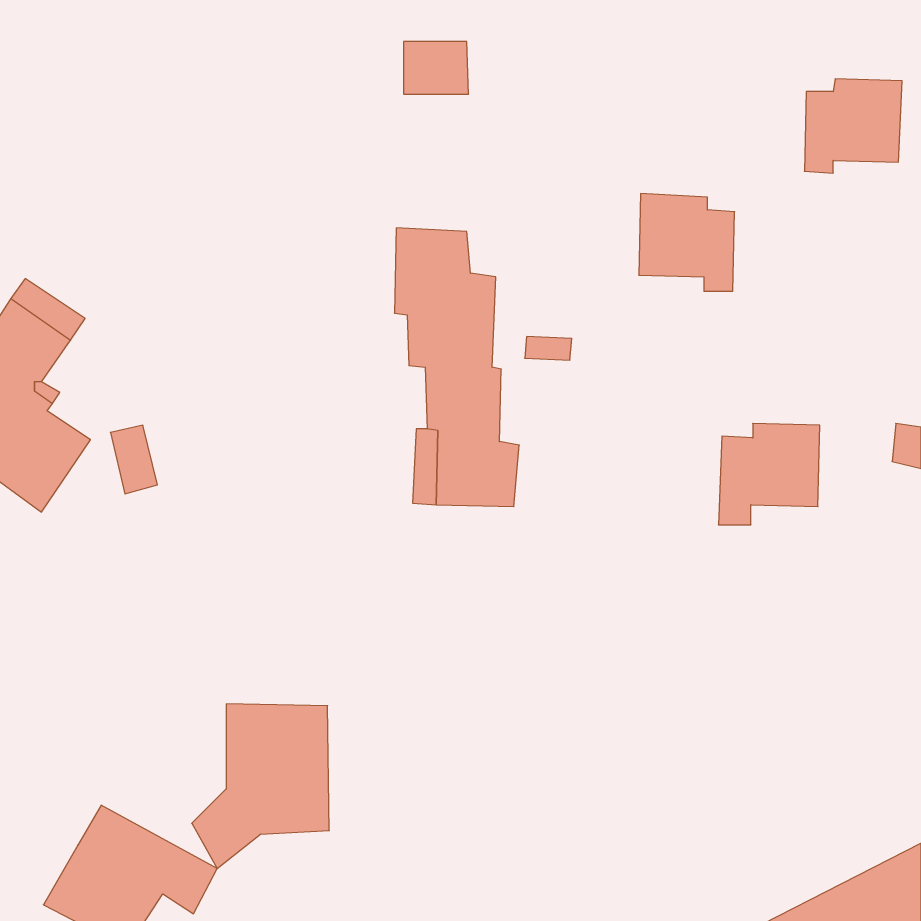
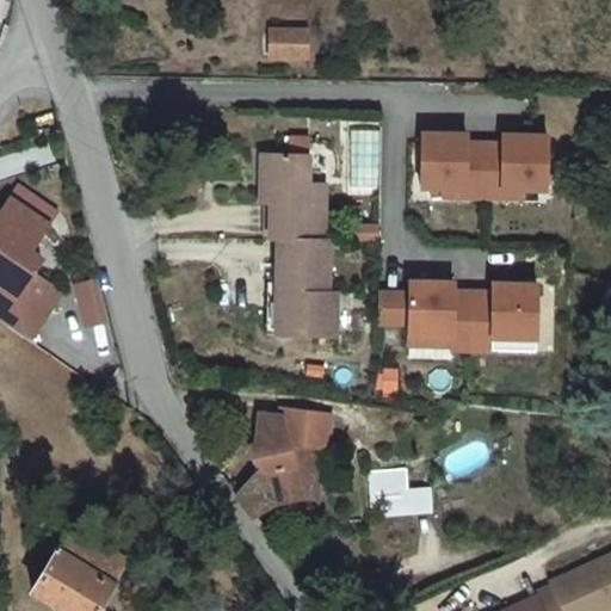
building: [804,79,902,173] -> [483,134,548,196]
building: none -> [383,279,476,348]
building: [192,704,329,869] -> [237,411,328,519]
building: none -> [369,471,432,518]

